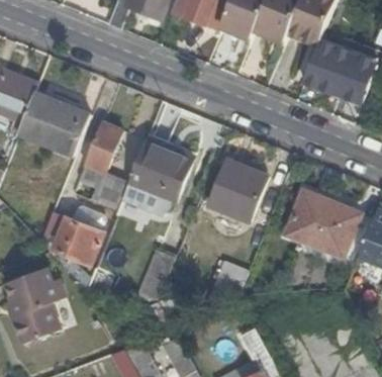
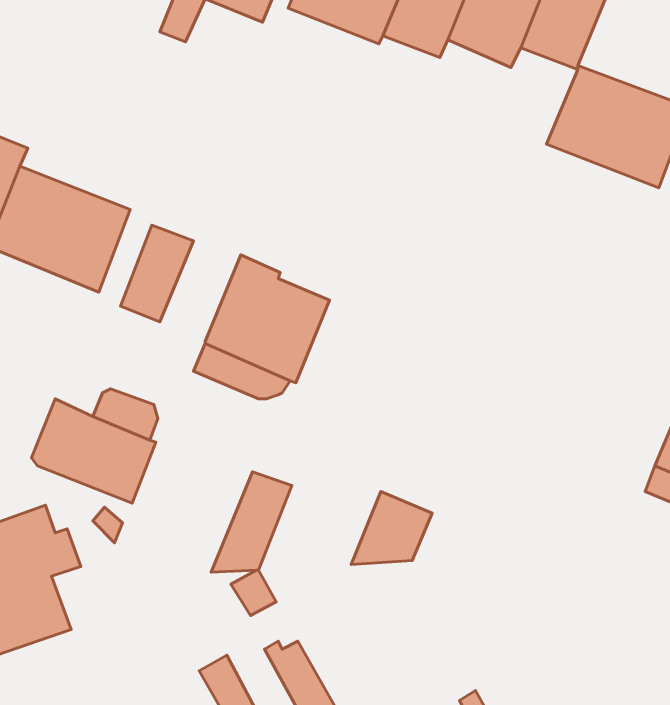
building: [209,160,268,220] -> none
building: [95,172,129,211] -> none
building: [287,189,361,254] -> none

